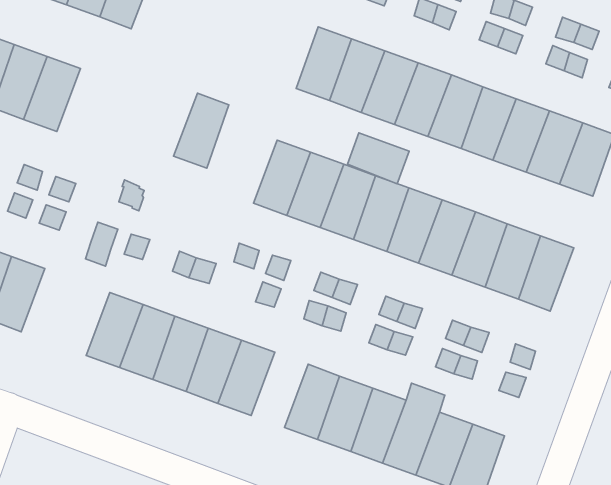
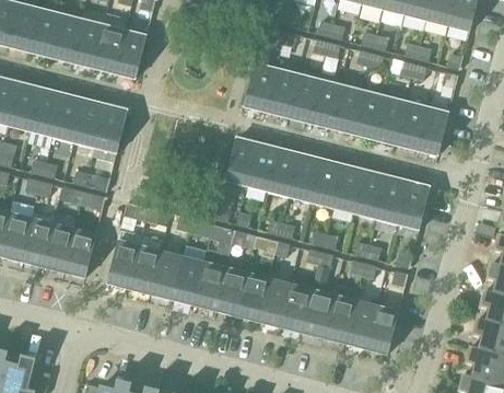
building: [174,93,229,168] -> [95,105,127,152]
building: [347,133,409,184] -> none
building: none -> [107,229,142,287]
building: none -> [236,273,269,320]

